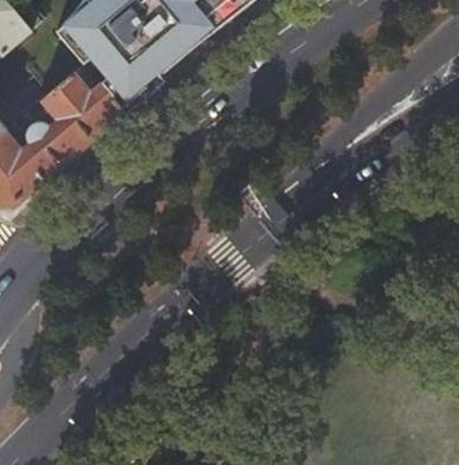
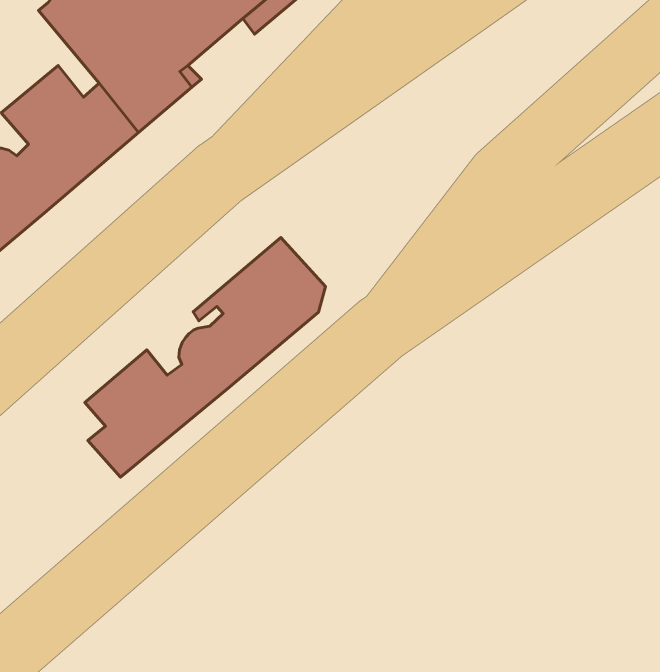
building: none -> [85,237,326,477]

